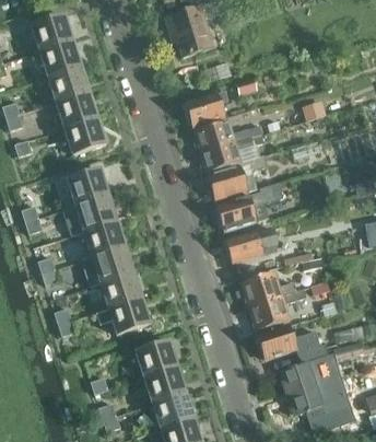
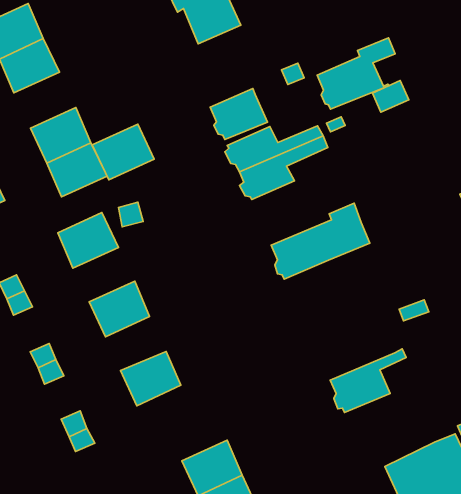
building: [47,66,90,103] -> [92,124,154,180]
building: [208,155,265,201] -> [317,38,395,109]
building: [74,195,117,231] -> none
building: [224,223,277,263] -> none
building: [92,246,133,282] -> none
building: [238,271,295,306] -> none
building: [96,298,150,335] -> none
building: [255,325,327,363] -> none

